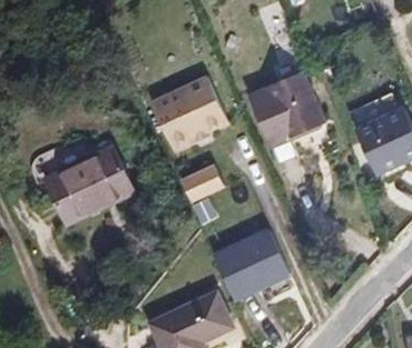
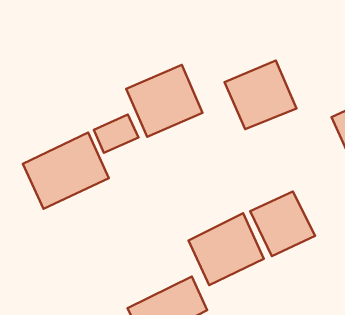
building: [178,162,224,201] -> [94,115,139,153]
building: none -> [250,191,315,256]

